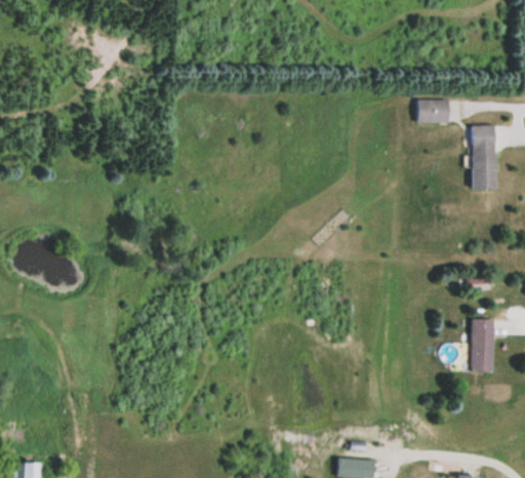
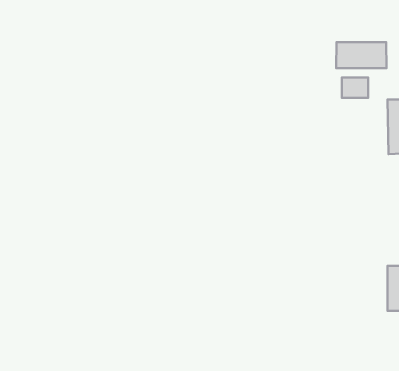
building: none -> [336,42,387,68]

